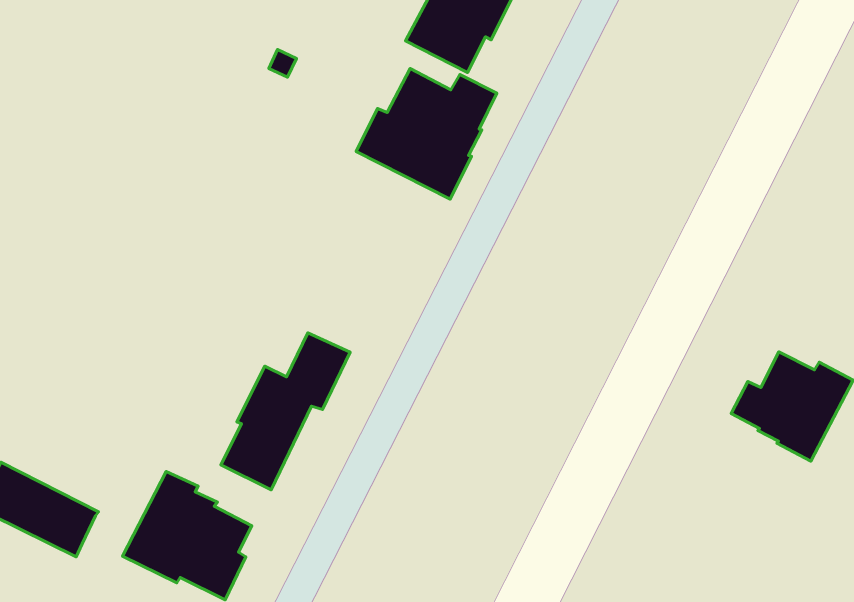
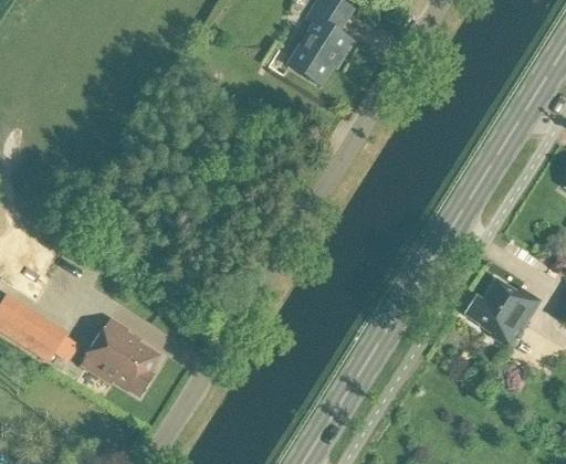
building: [356,68,497,199] -> none
building: [221,333,350,490] -> none

